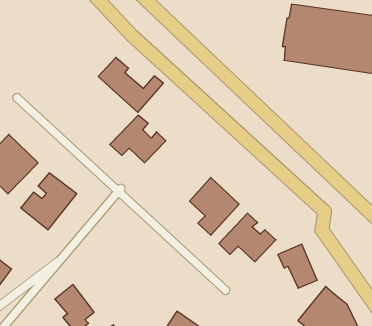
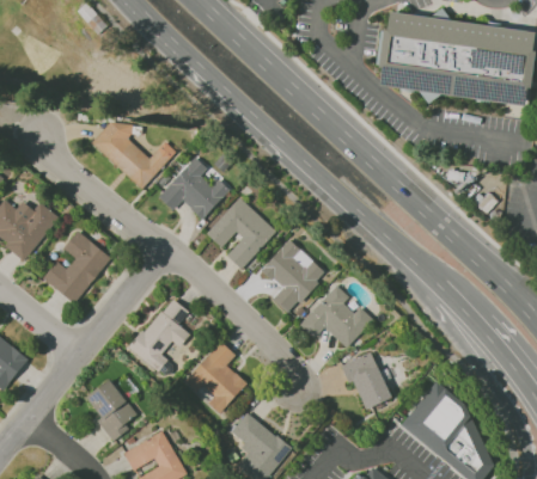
building: [98,57,163,112] -> [91,117,176,189]
building: none -> [206,197,276,269]
building: none -> [129,296,190,370]
building: [278,244,317,288] -> [340,351,391,409]
building: none -> [183,340,246,413]

